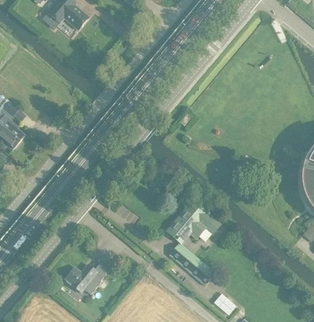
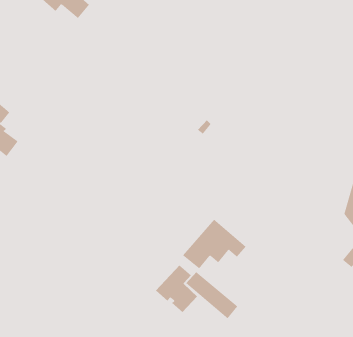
building: none -> [155,264,198,313]
building: [66,261,110,293] -> none

